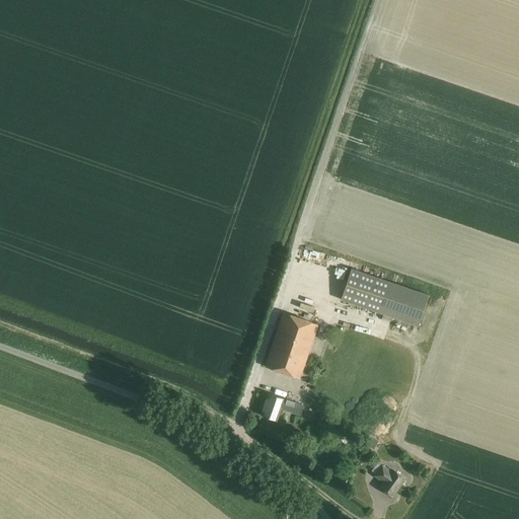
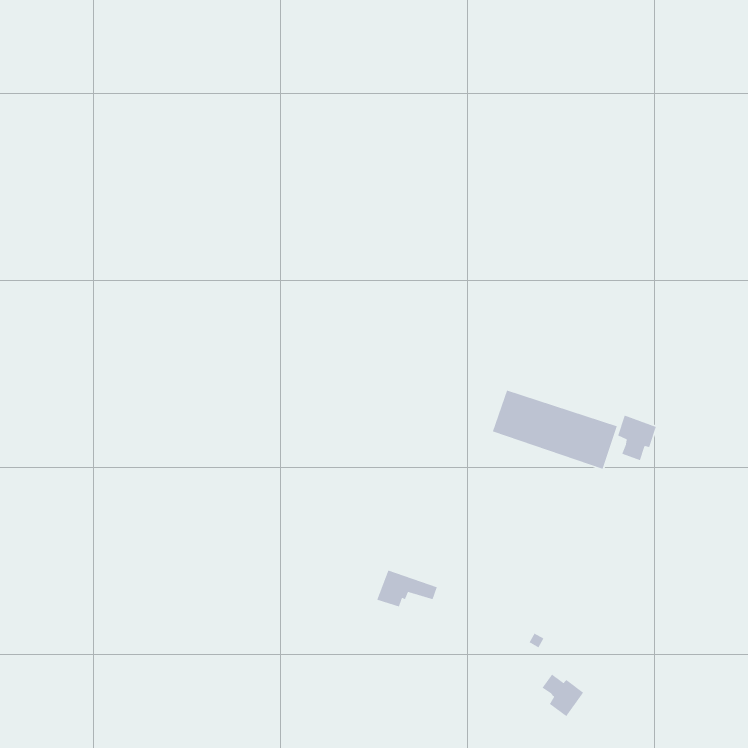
building: none -> [617,414,657,461]
building: [265,313,317,379] -> none

